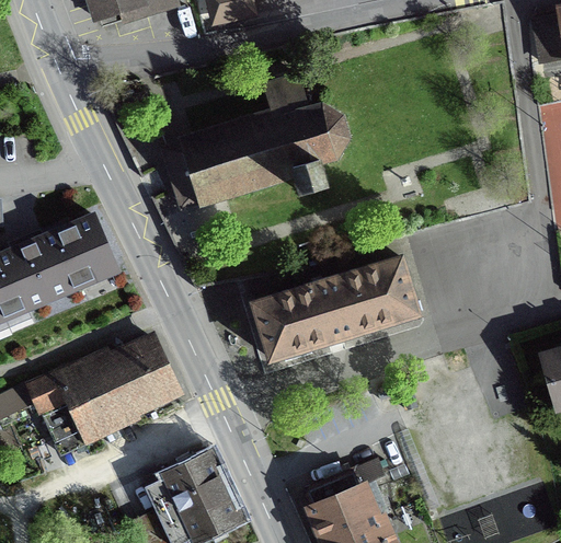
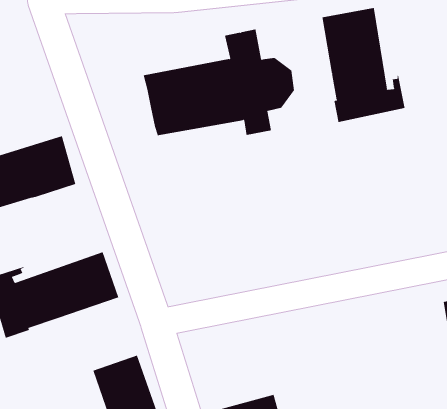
building: none -> [322,7,405,123]
building: [254,258,420,360] -> none

